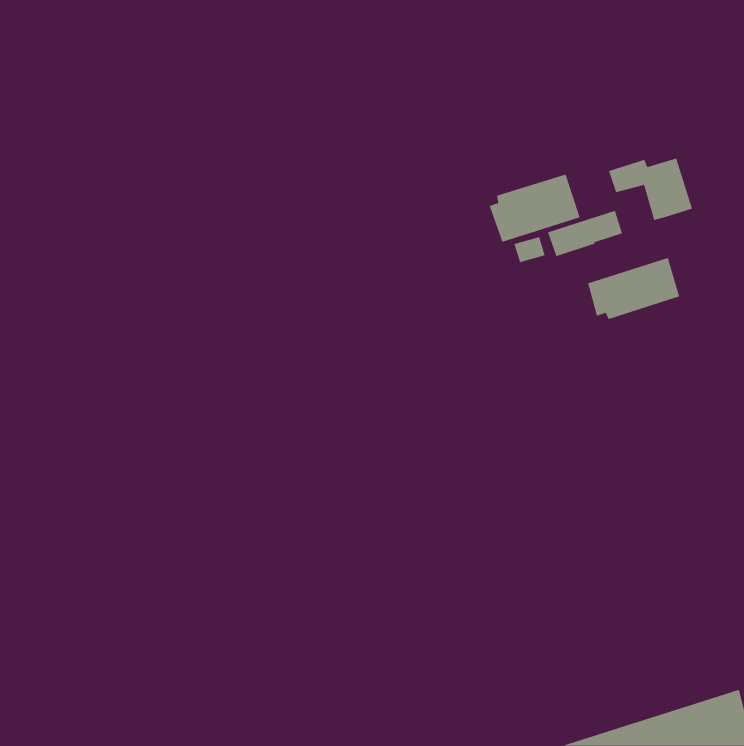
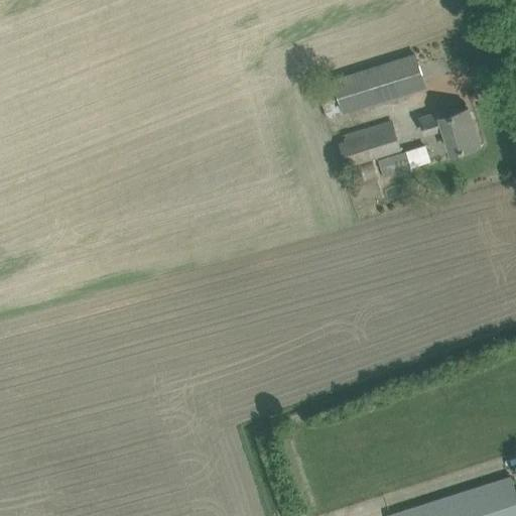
building: none -> [318,54,425,119]
building: [588,257,680,320] -> none

